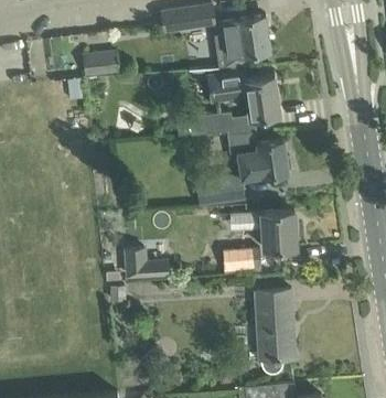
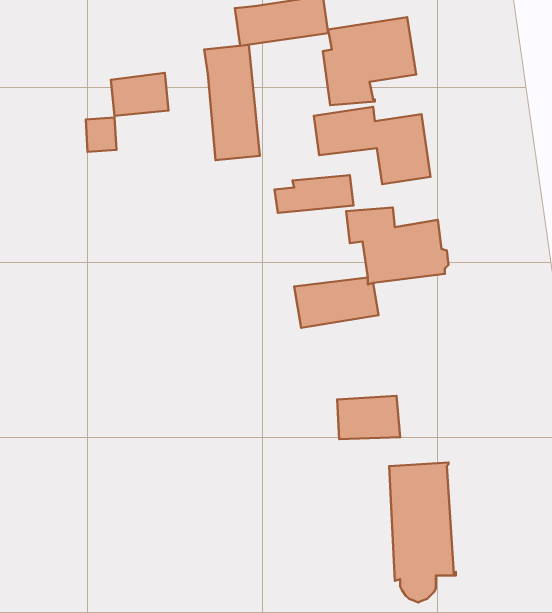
building: none -> [204,45,260,160]
building: [242,213,297,252] -> none
building: [125,247,148,278] -> none

